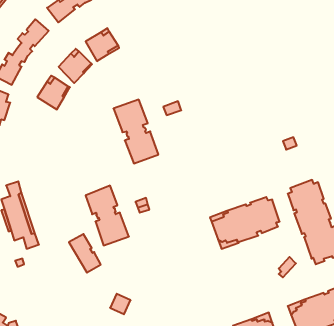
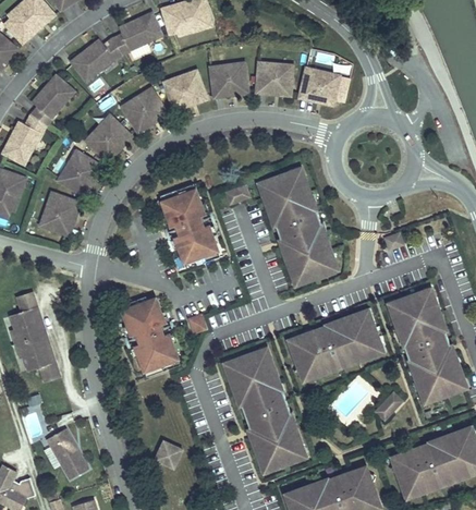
building: none -> [256,62,292,93]
building: none -> [210,63,247,96]
building: none -> [298,66,338,101]
building: none -> [164,73,205,110]
building: none -> [263,169,333,282]
building: none -> [40,194,77,234]
building: none -> [229,348,303,469]
building: [69,234,101,273] -> [46,427,88,478]

